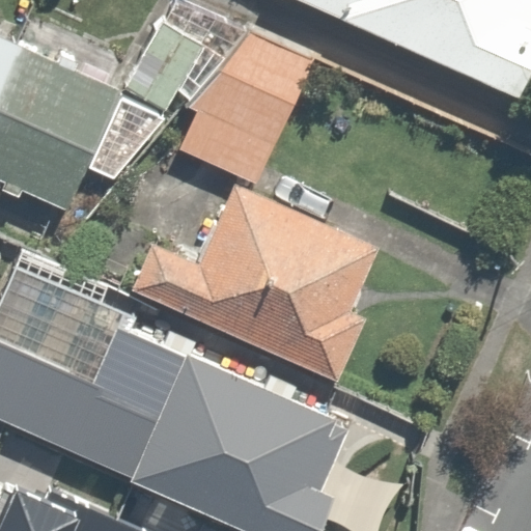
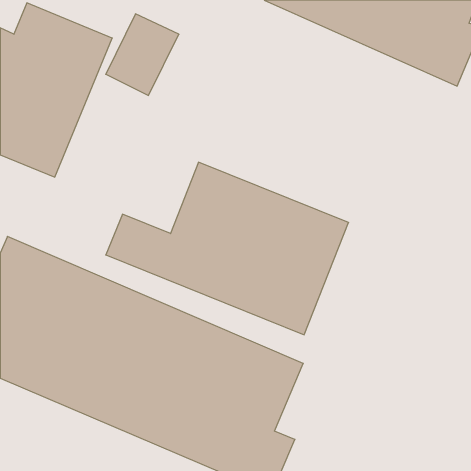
building: [177,25,307,189] -> none

